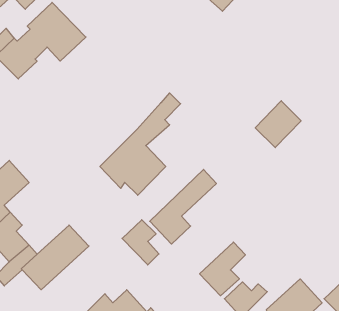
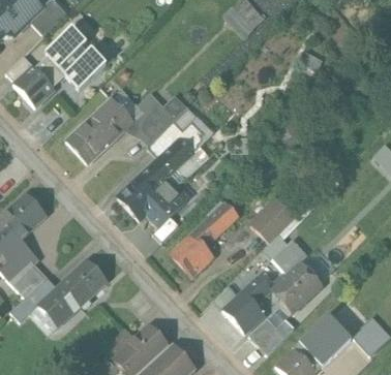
building: none -> [66,95,137,164]
building: none -> [136,96,188,143]
building: [255,101,301,148] -> [251,192,299,241]
building: none -> [272,245,321,312]
building: [122,220,159,265] -> none

